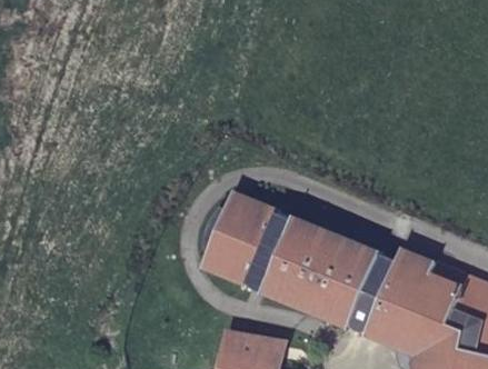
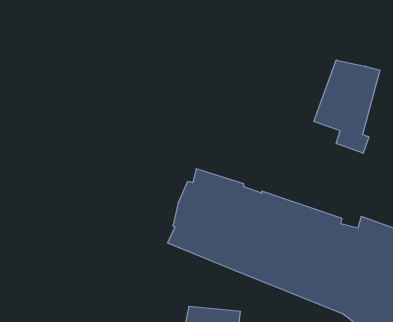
building: none -> [314,60,380,153]

